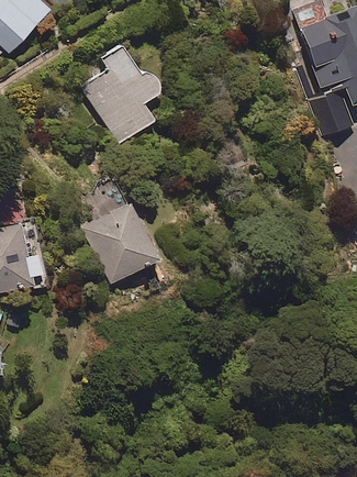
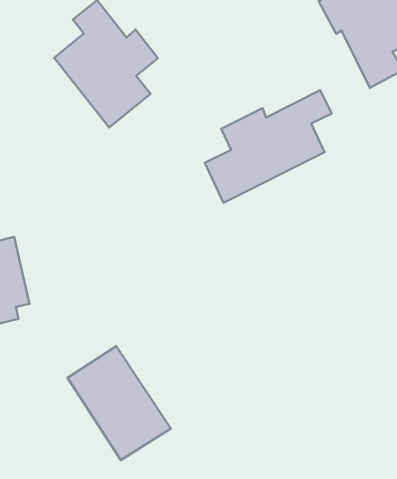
building: none -> [205,90,332,203]
building: [82,190,159,280] -> [68,346,171,460]

